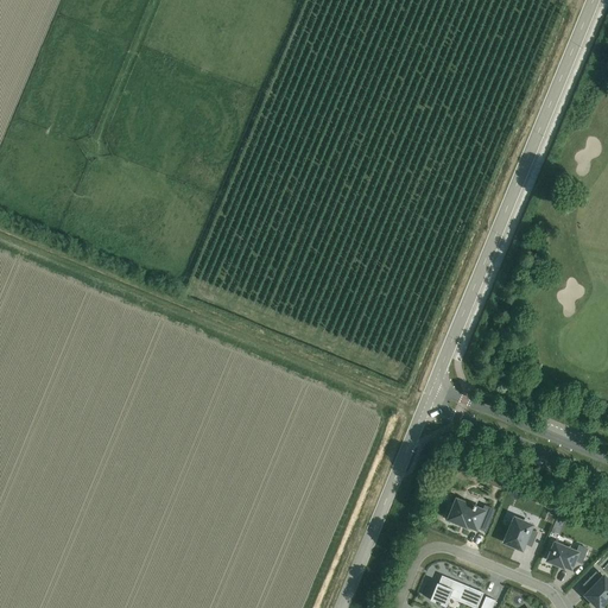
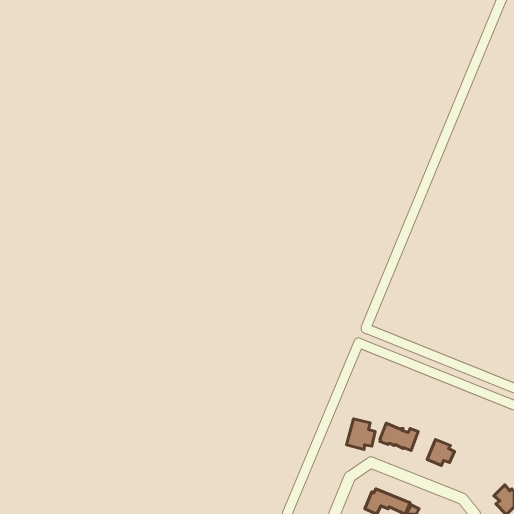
building: none -> [347,419,375,449]
building: [546,543,585,568] -> none

